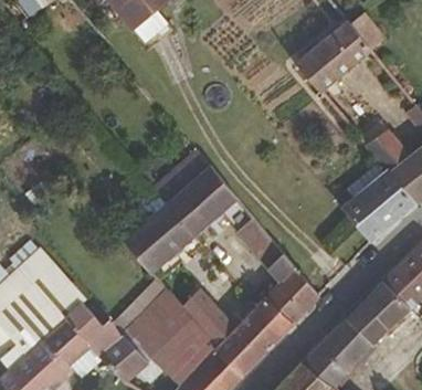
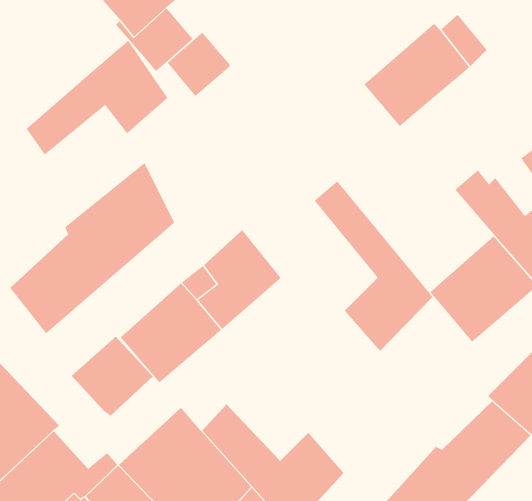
building: none -> [167,32,231,97]
building: none -> [26,40,168,155]
building: none -> [10,162,175,334]
building: [235,214,319,335] -> [314,180,433,352]
building: none -> [71,336,153,417]

